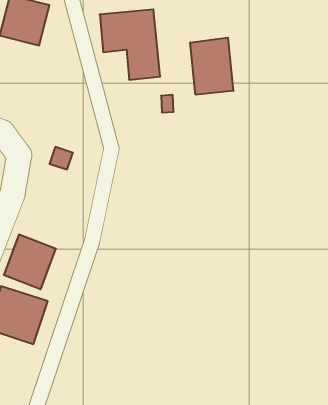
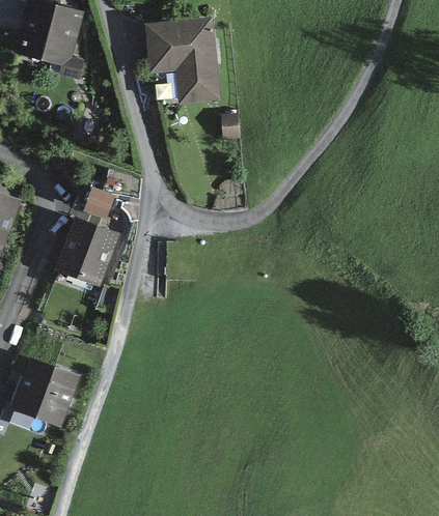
building: [190,38,233,95] -> none
building: [4,235,56,289] -> [55,217,119,284]

